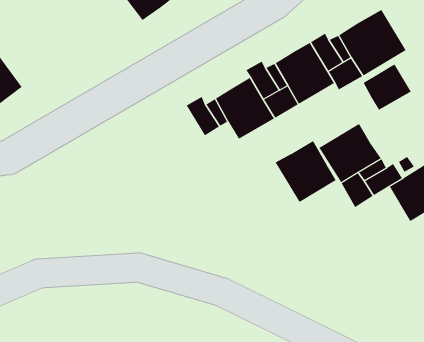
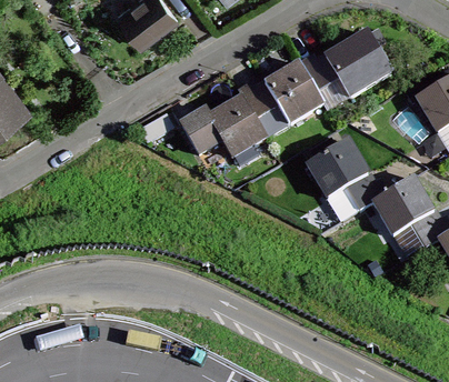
building: [363,63,411,110] -> none
building: [275,140,337,203] -> none

